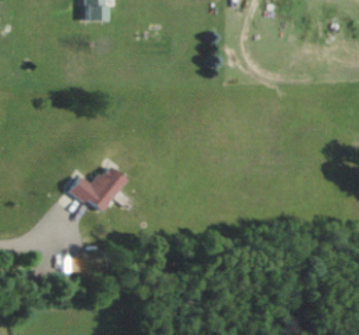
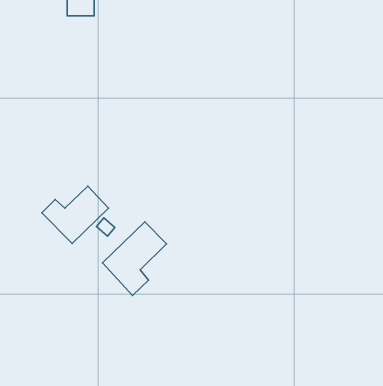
building: none -> [102,222,167,295]

